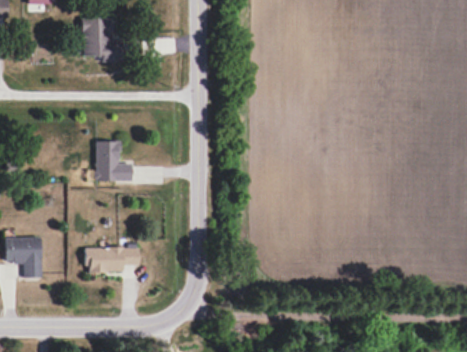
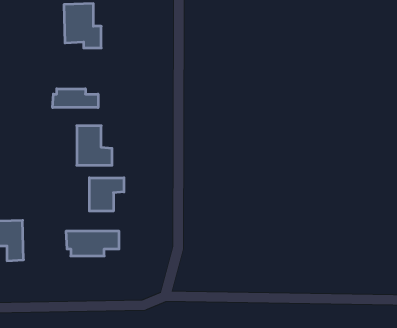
building: none -> [53,89,98,108]
building: none -> [89,178,124,211]

